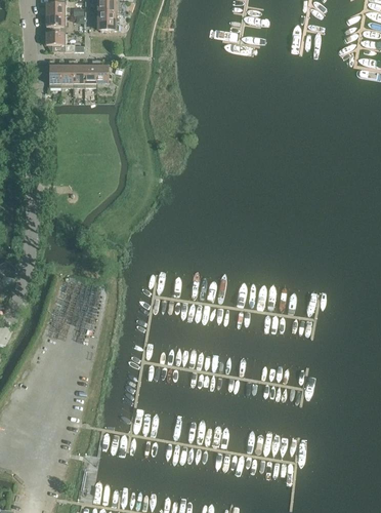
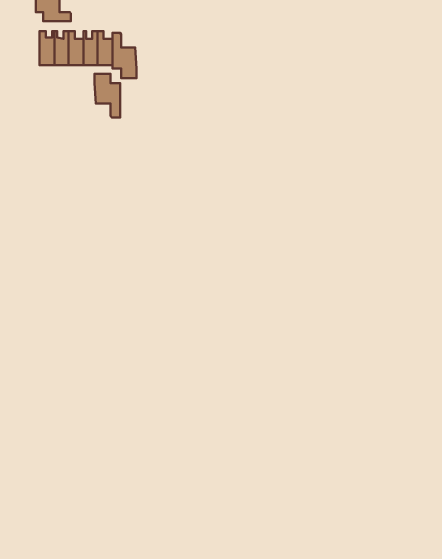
building: none -> [112,33,137,78]
building: none -> [94,74,120,118]

